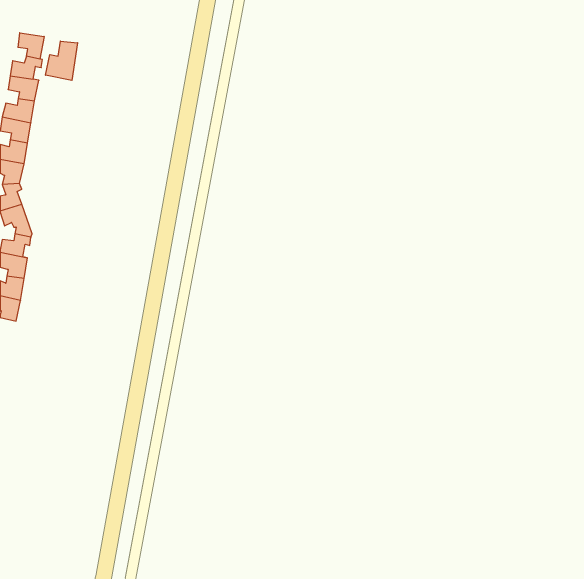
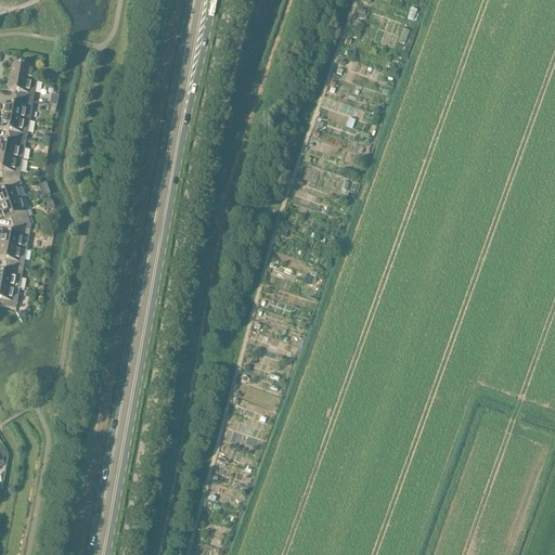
building: [18,33,44,59] -> none
building: [46,41,78,80] -> none

